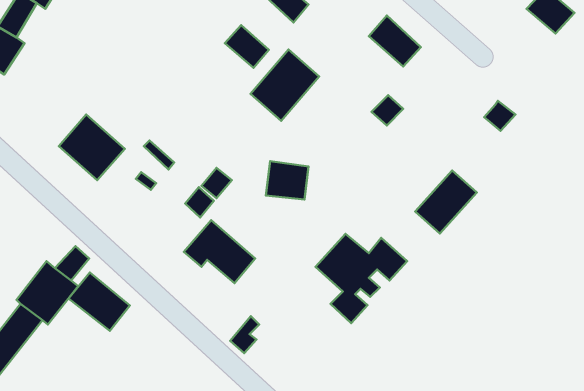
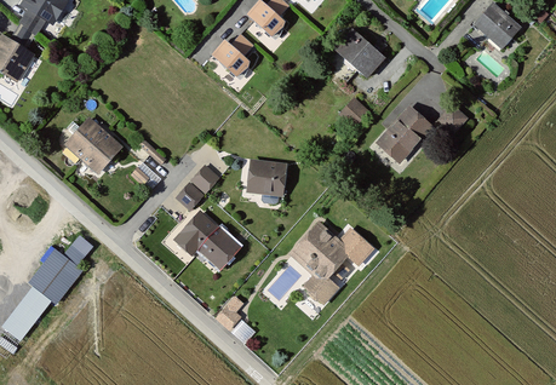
building: [251,49,319,121] -> none
building: [415,170,477,234] -> [377,107,431,162]
building: [68,272,130,331] -> none

